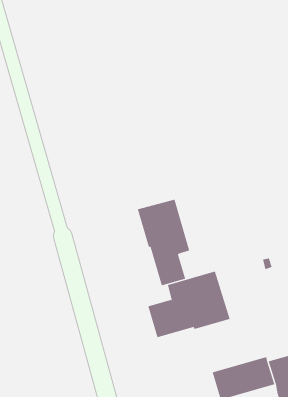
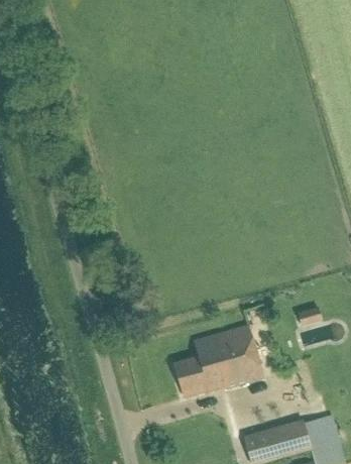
building: [137,199,190,286] -> none

